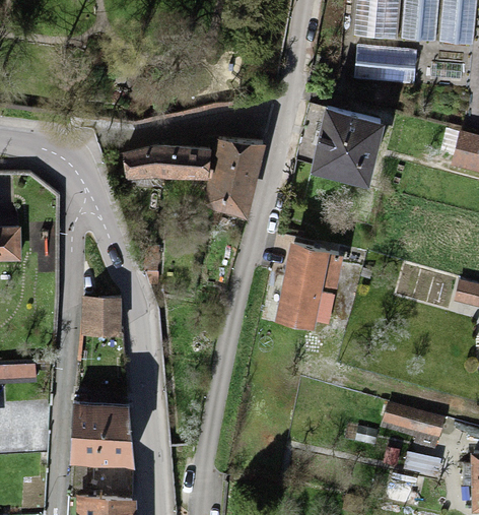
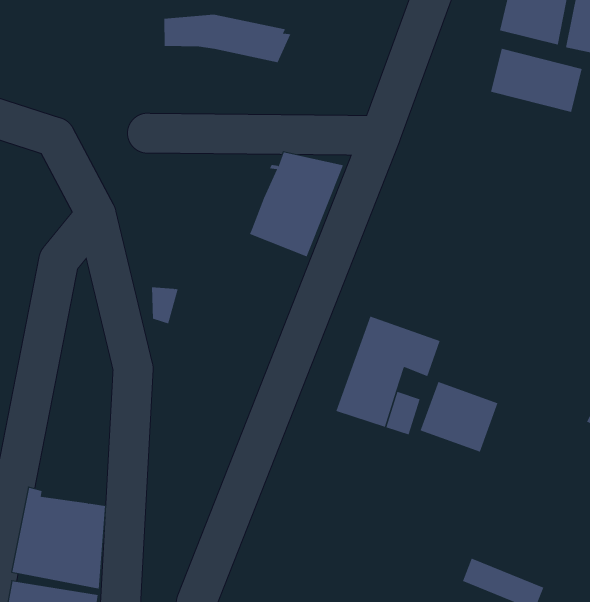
building: [314,108,383,179] -> none
building: [123,147,213,175] -> [164,14,291,63]
building: none -> [420,381,498,452]
building: [81,293,119,331] -> none

